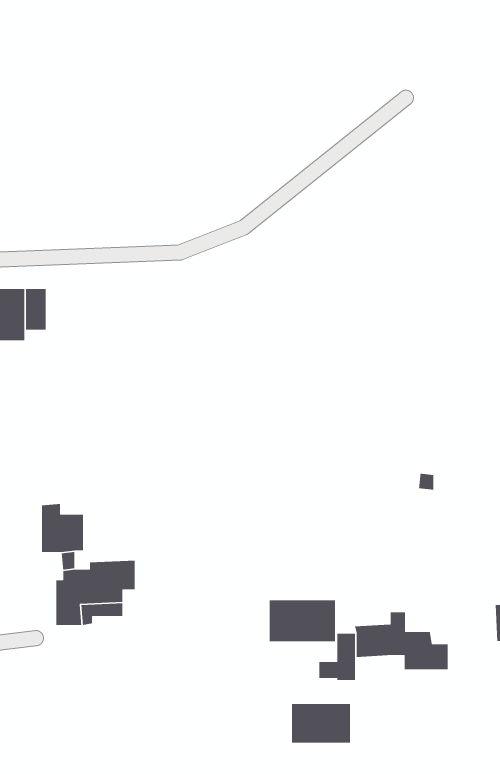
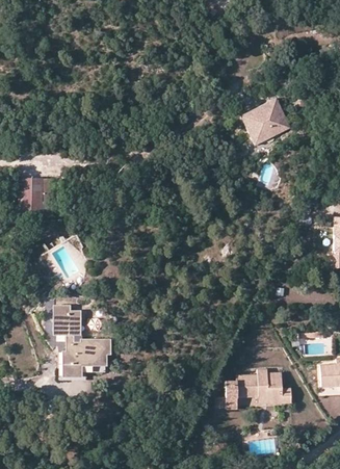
building: none -> [241,98,290,142]
building: [269,600,336,642] -> none
building: [291,703,351,744] -> none

